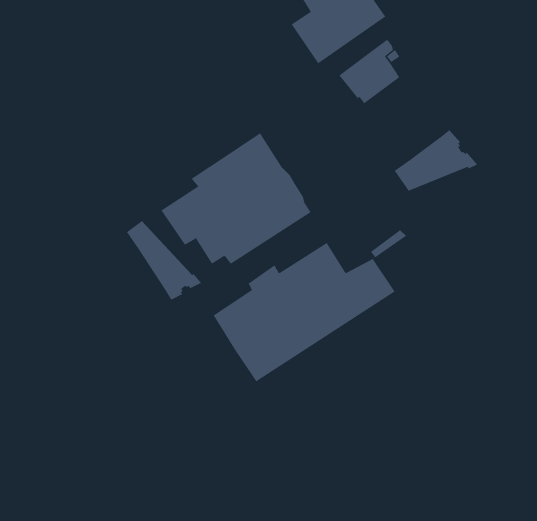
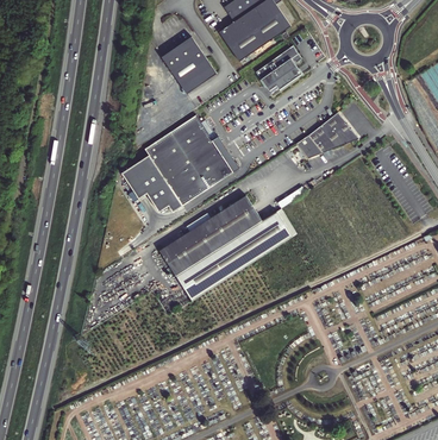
building: none -> [161,37,217,94]
building: [126,220,202,300] -> none

